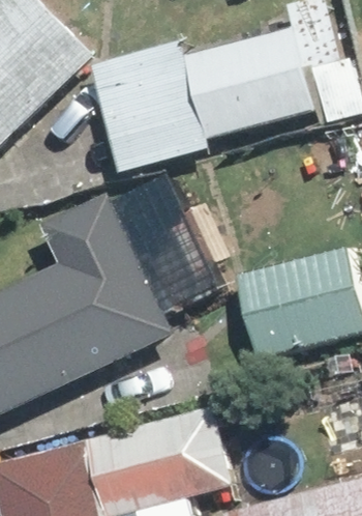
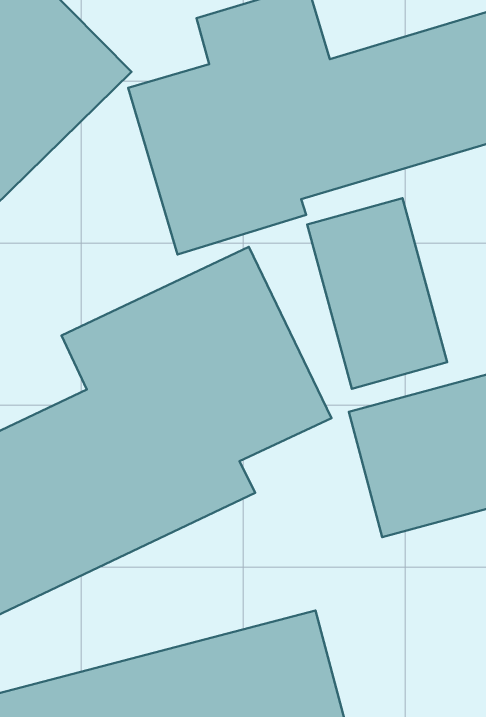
building: none -> [307,198,447,389]

